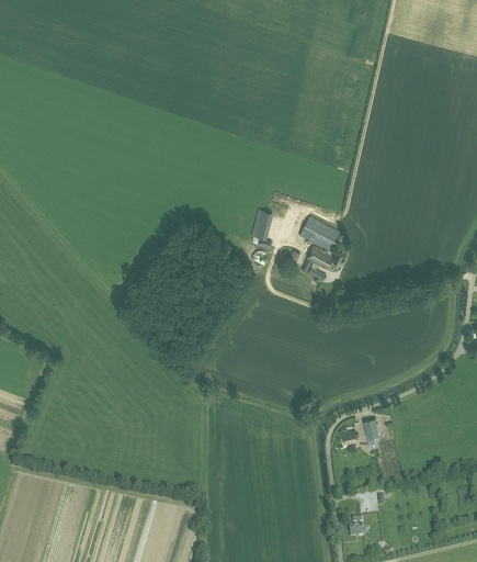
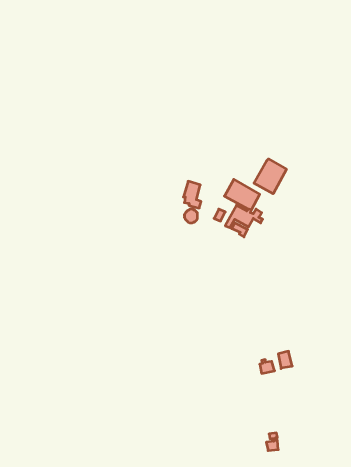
building: none -> [254,159,286,194]

